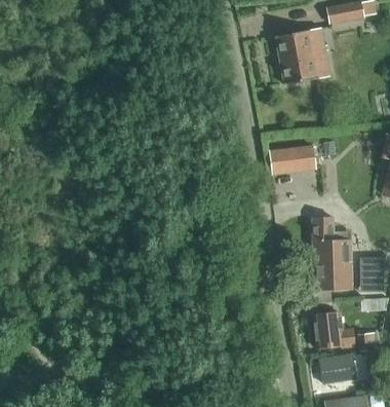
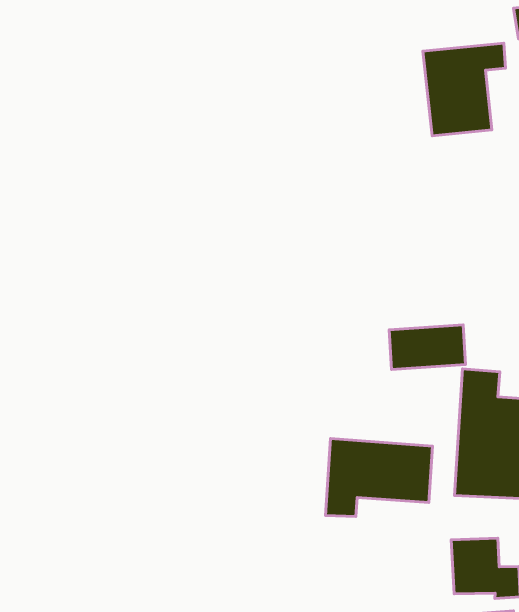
building: [270,145,315,174] -> [389,325,465,370]
building: none -> [326,438,433,516]

